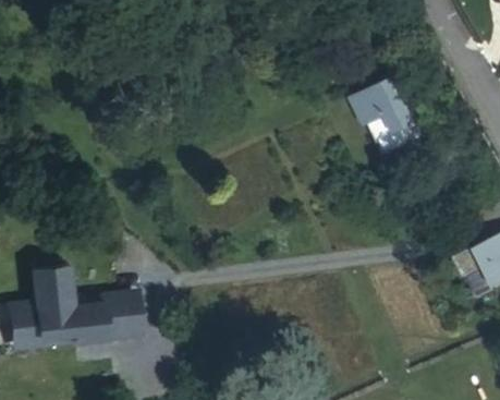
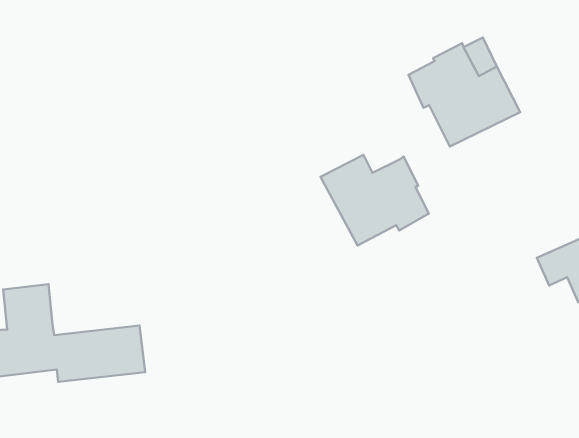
building: none -> [320,155,429,246]

